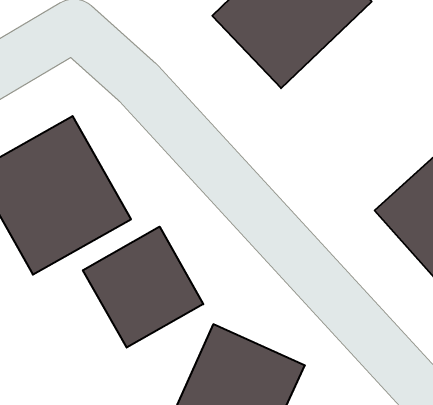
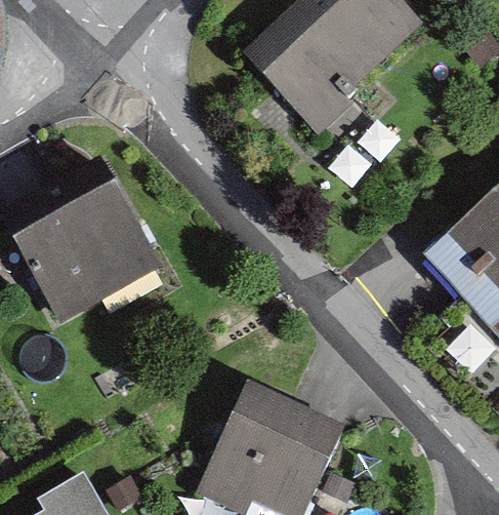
building: [83,227,203,348] -> none

